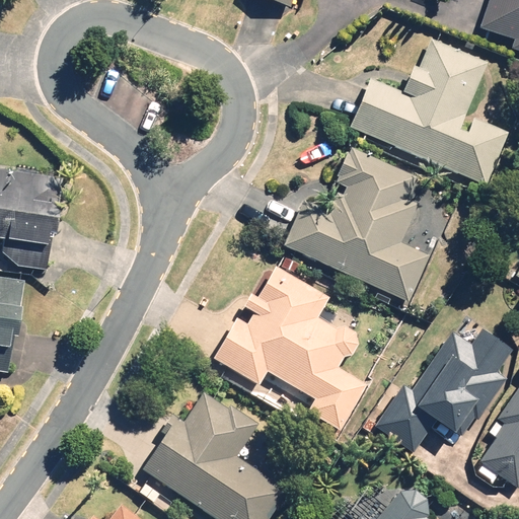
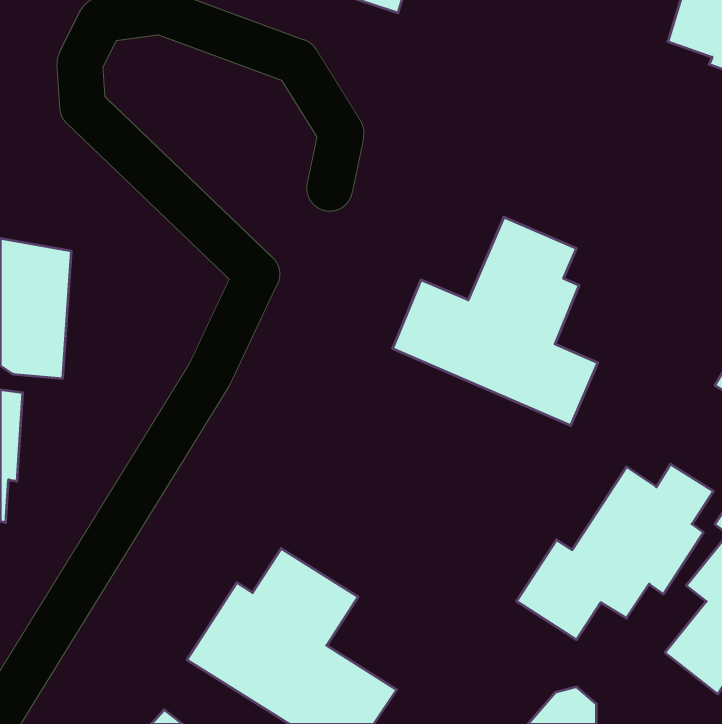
building: [349,38,511,184] -> none
building: [211,265,369,432] -> none

